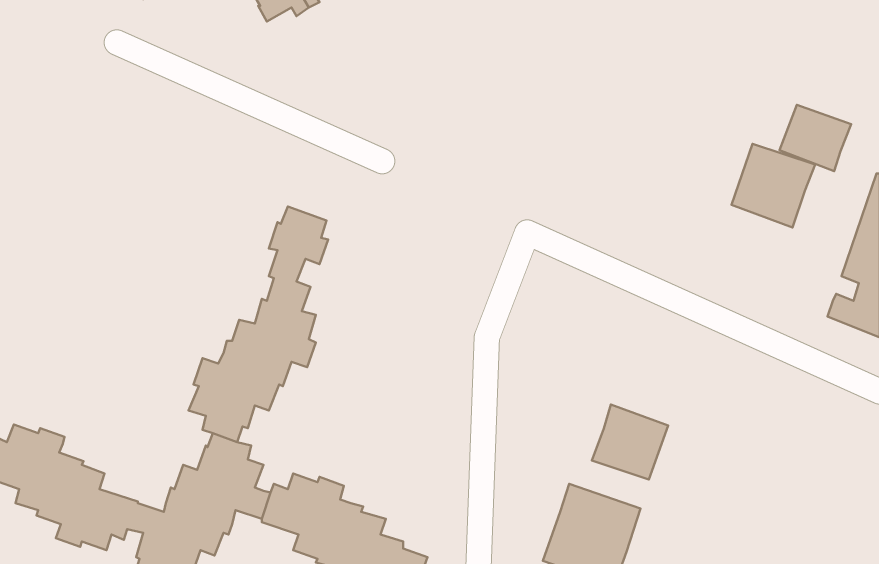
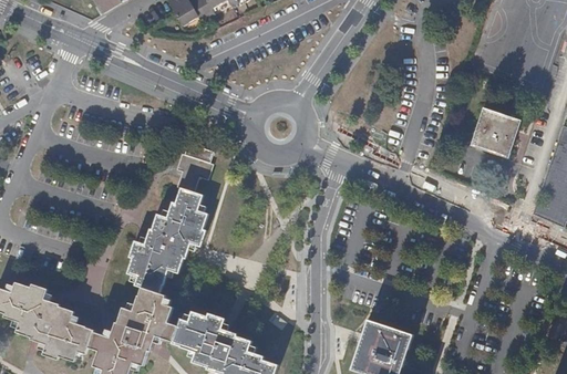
building: [779,105,851,171] -> none
building: [592,405,668,479] -> none

